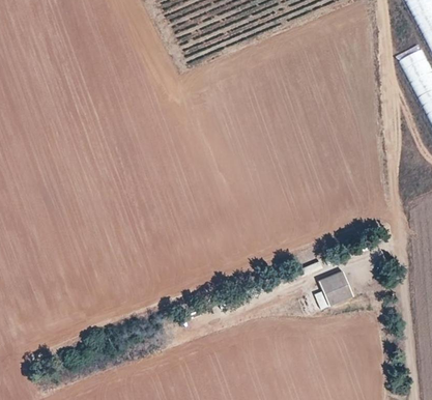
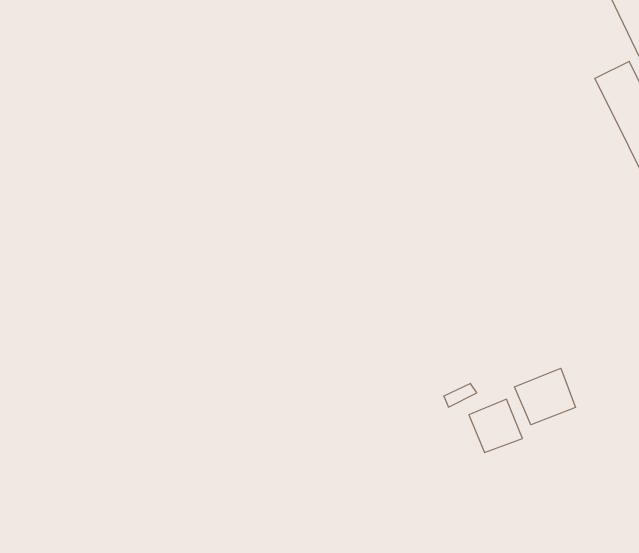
building: none -> [515,368,576,425]

